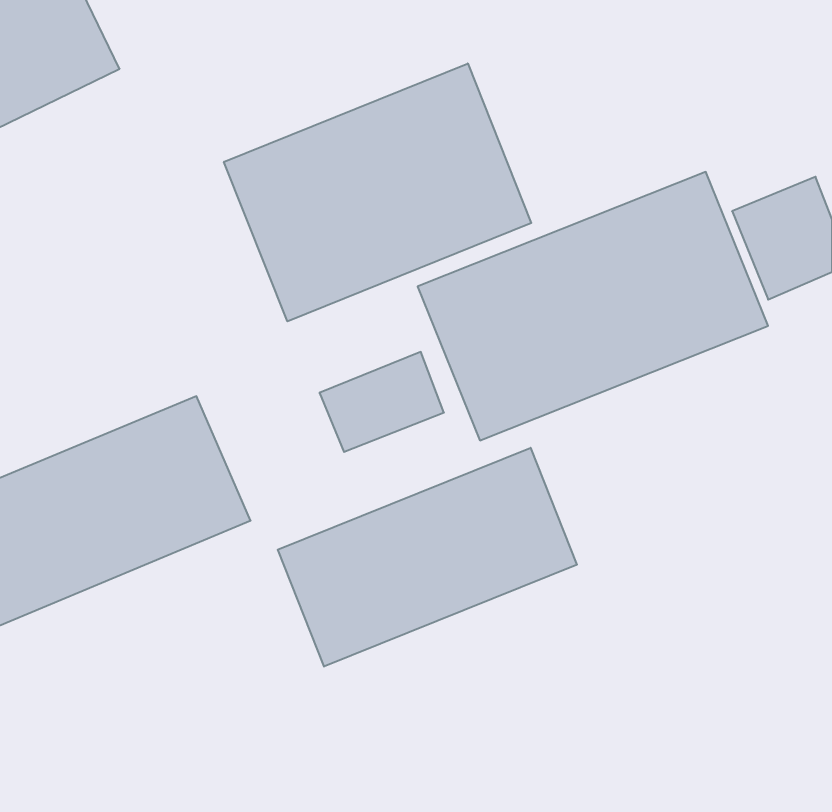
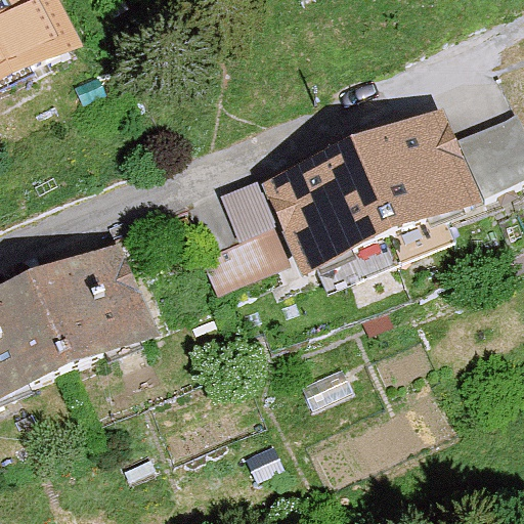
building: [224,63,531,321] -> none
building: [278,448,577,667] -> none

